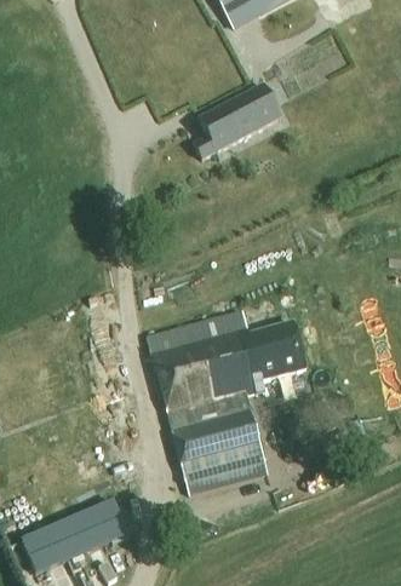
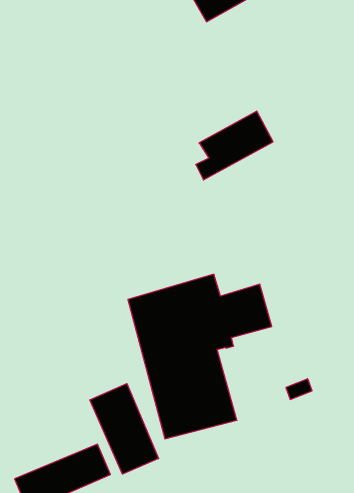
building: [195,82,281,159] -> [196,111,273,180]
building: none -> [90,384,159,474]

